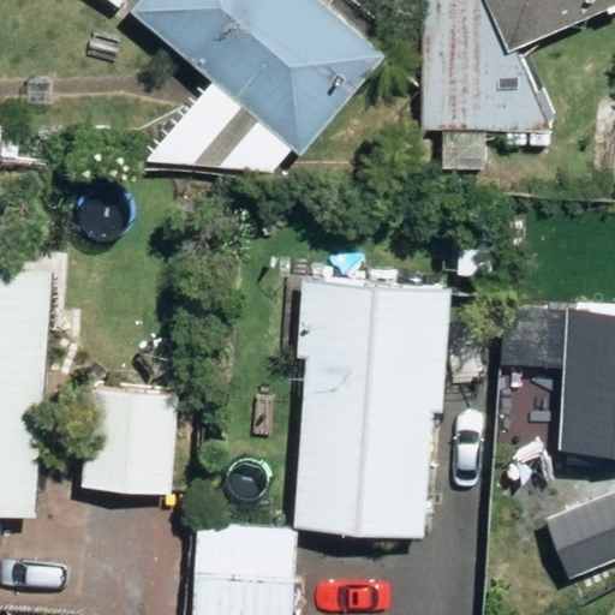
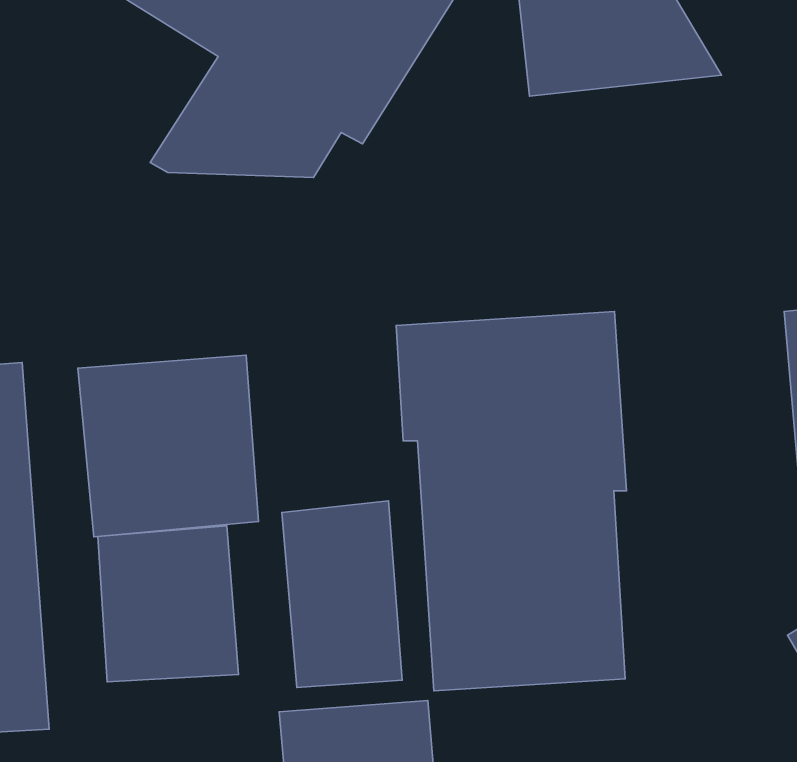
building: none -> [78,355,258,537]
building: none -> [282,501,402,687]

